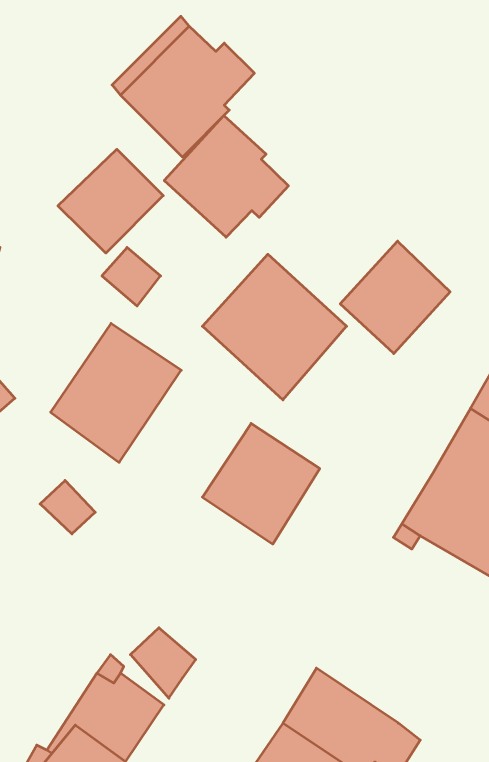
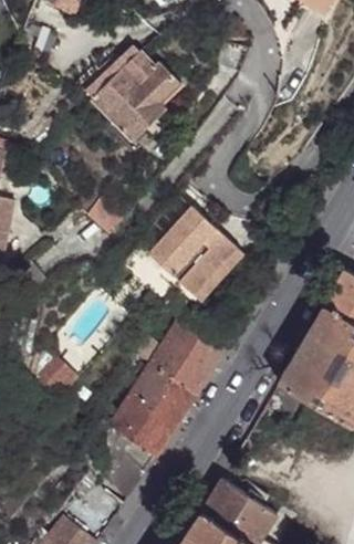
building: [164,115,288,237] -> none
building: [58,149,163,253] -> none
building: [340,241,450,354] -> none
building: [51,323,181,462] -> [107,364,194,456]

